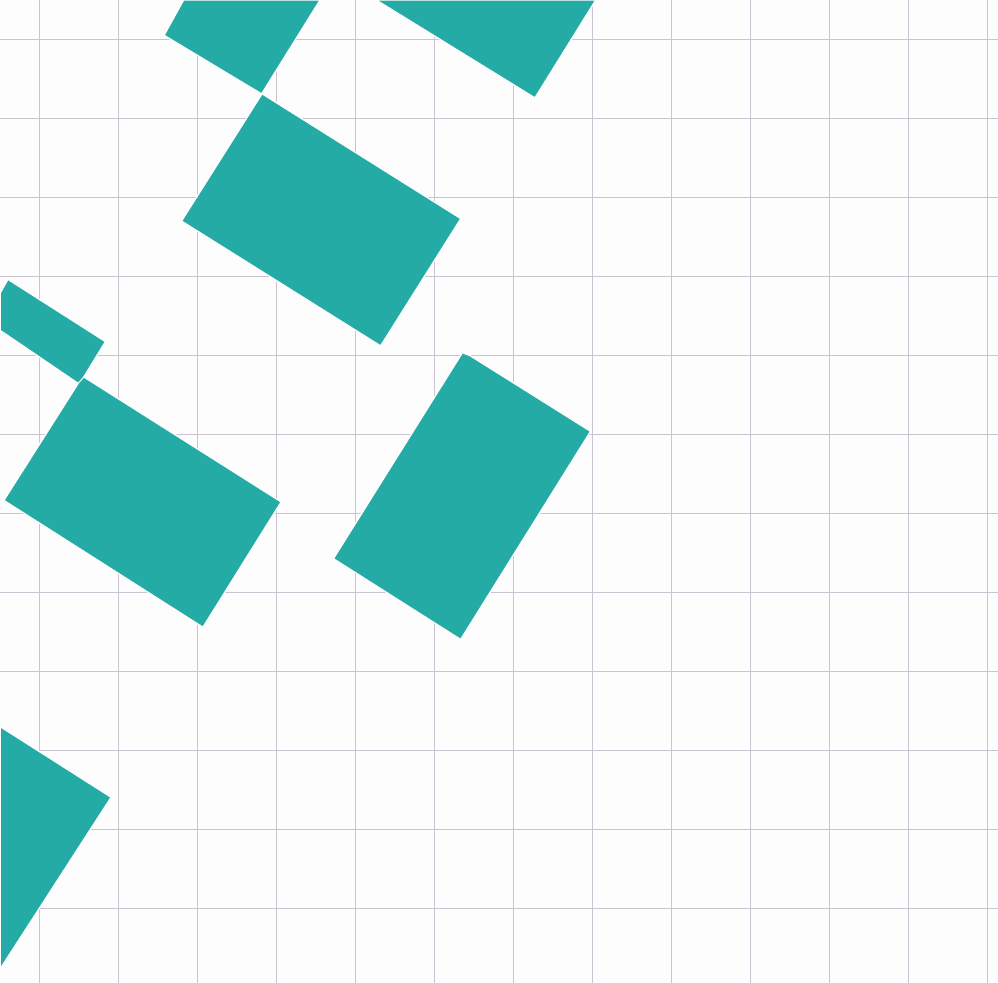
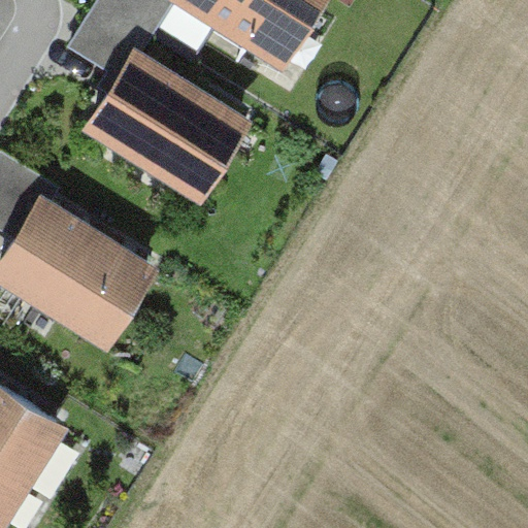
building: [333,353,590,640] -> none

